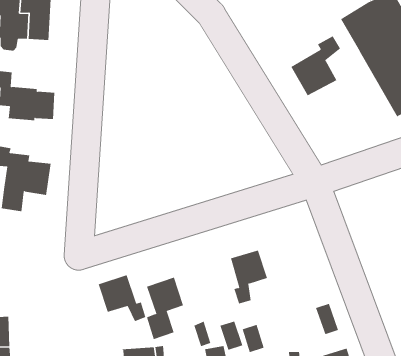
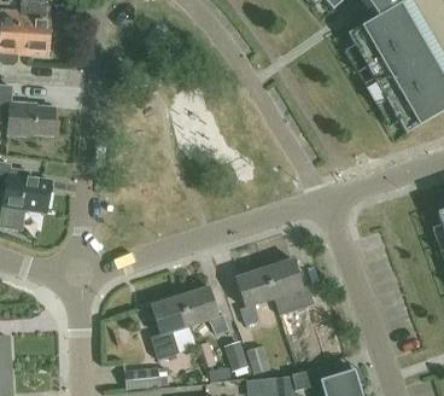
building: [291,36,341,96] -> none
building: none -> [264,258,314,315]
building: [98,275,146,322] -> [179,286,228,334]

